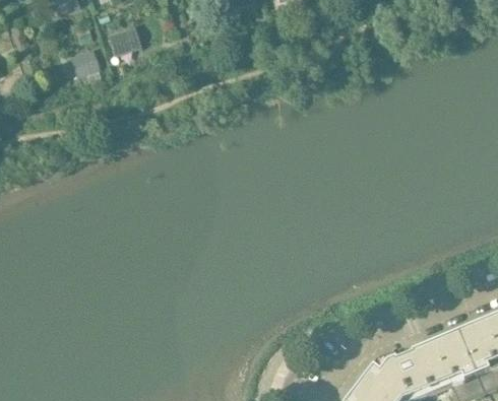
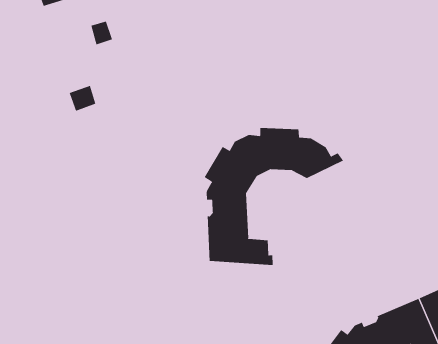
building: [66,48,96,76] -> [69,85,96,111]
building: none -> [204,127,344,266]

